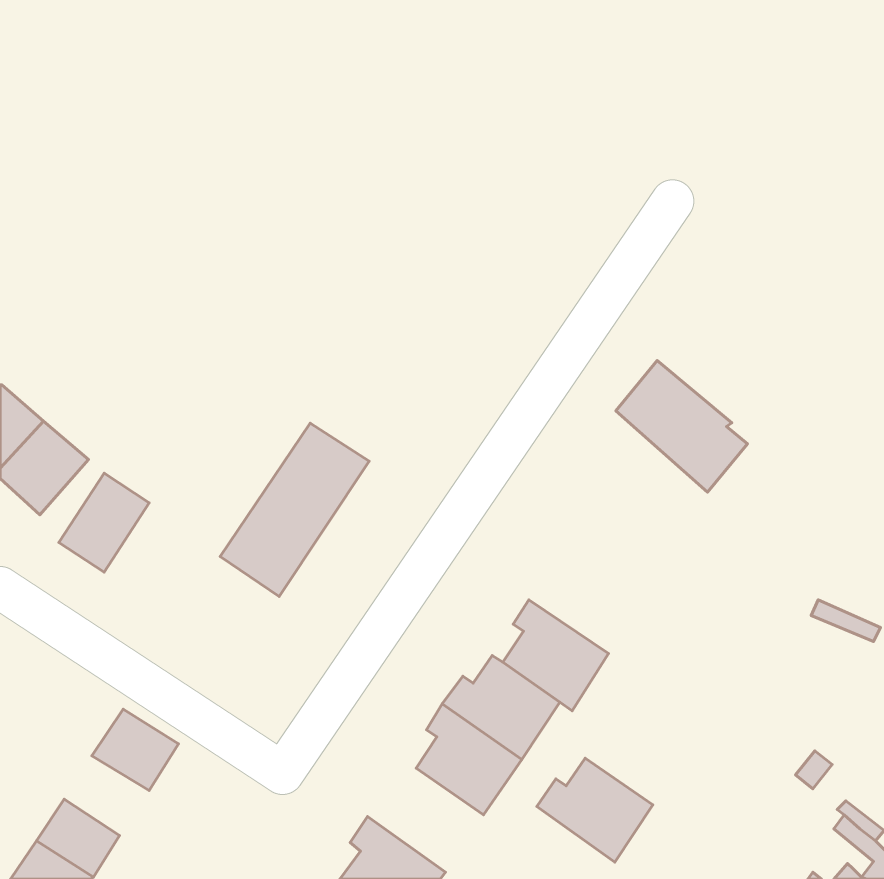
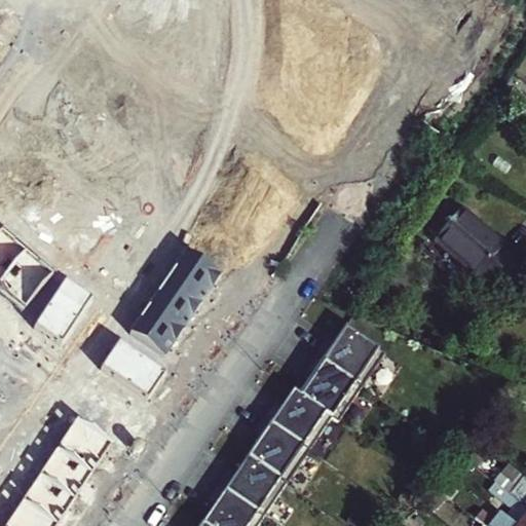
building: [616,361,747,492] -> [436,209,514,287]
building: none -> [314,324,386,387]
building: none -> [102,341,163,397]
building: none -> [39,448,89,495]
building: [537,758,653,862] -> [219,455,288,517]

